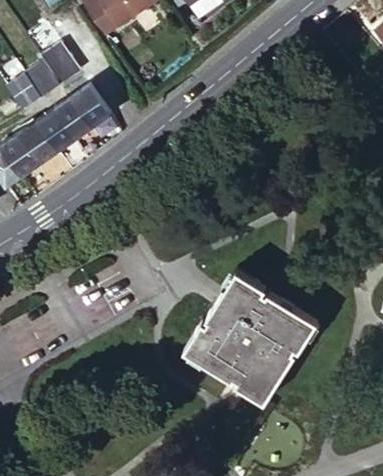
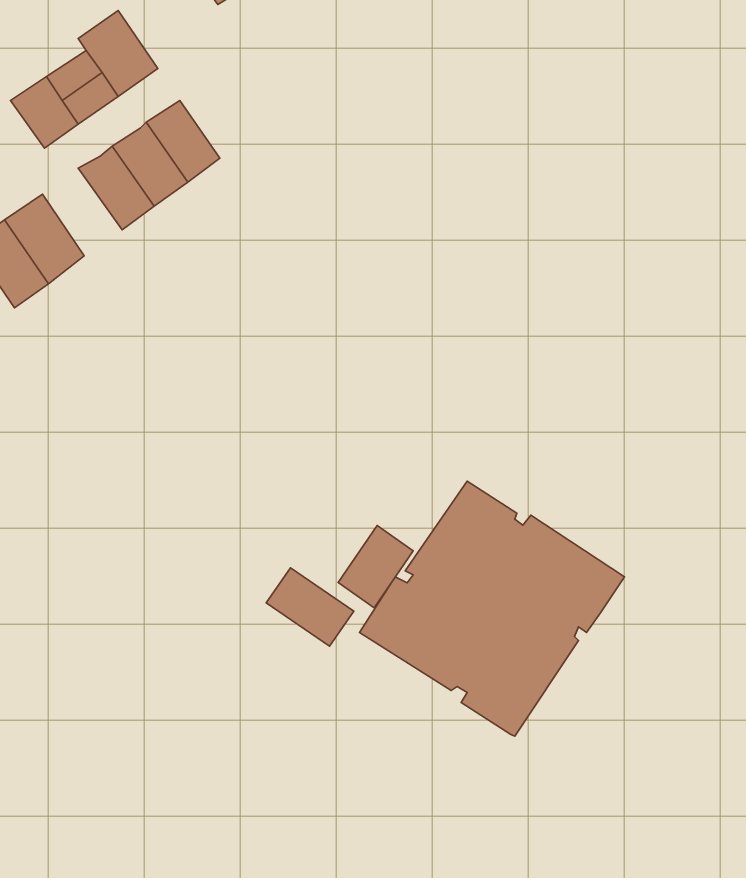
building: [23,119,63,163] -> none
building: none -> [338,526,413,608]
building: none -> [266,568,354,646]

